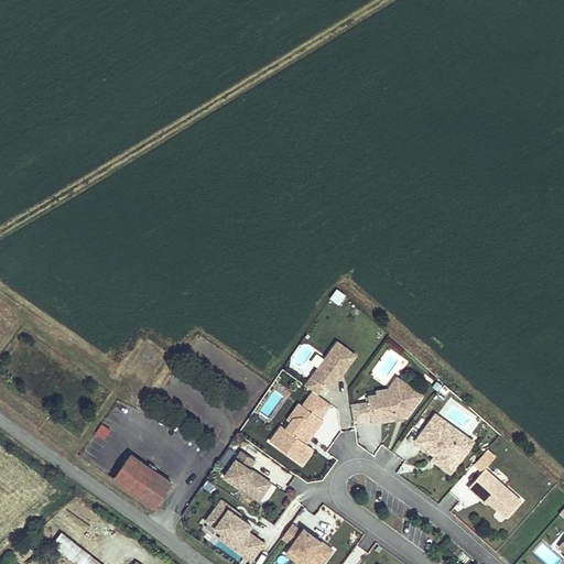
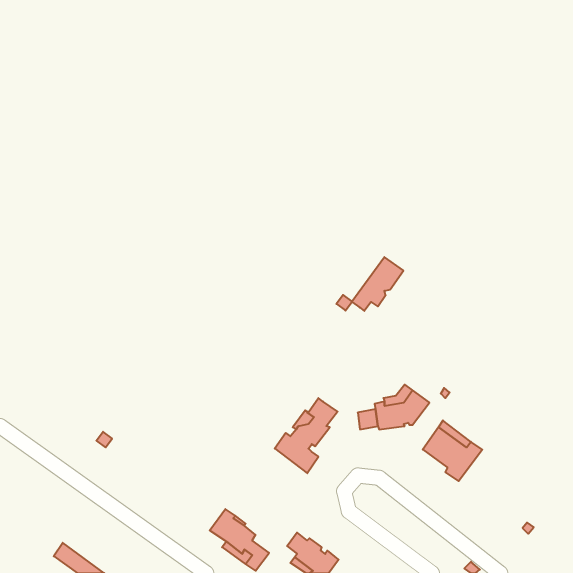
building: [305,341,356,394] -> [352,257,403,311]
building: [224,451,271,500] -> none
building: [113,455,172,507] -> none
building: [468,468,521,518] -> none

